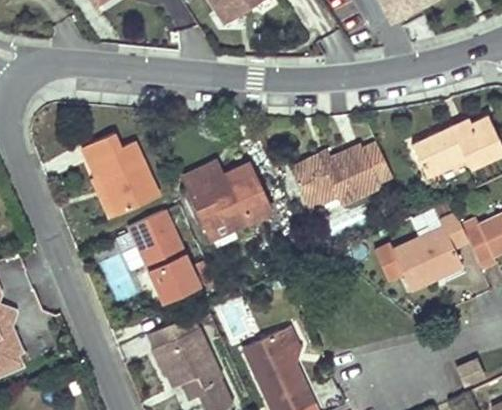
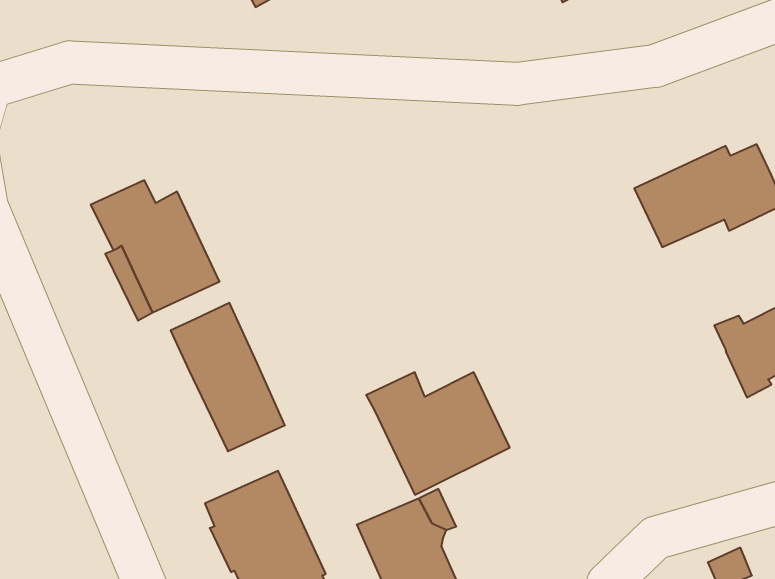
building: [291,145,394,209] -> none
building: [182,165,270,240] -> [366,372,510,495]
building: [394,213,469,288] -> none

